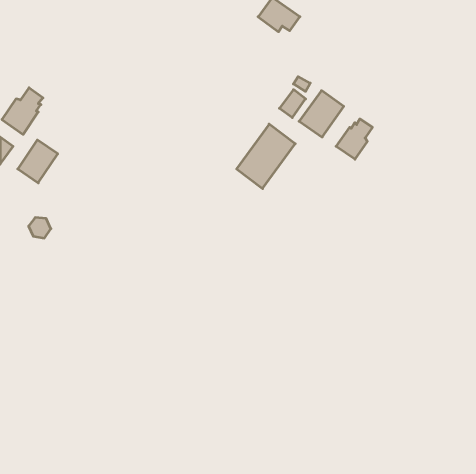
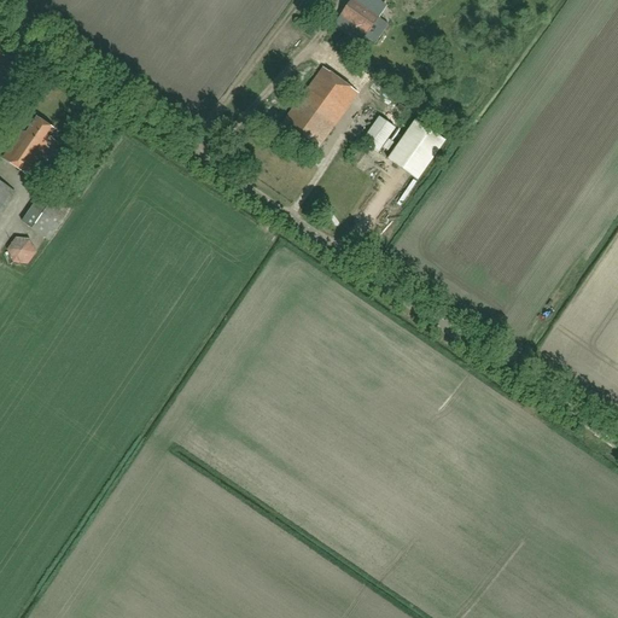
building: [336,119,372,159] -> none
building: [237,124,295,189] -> [281,65,357,148]
building: [29,218,51,238] -> [7,235,36,262]

